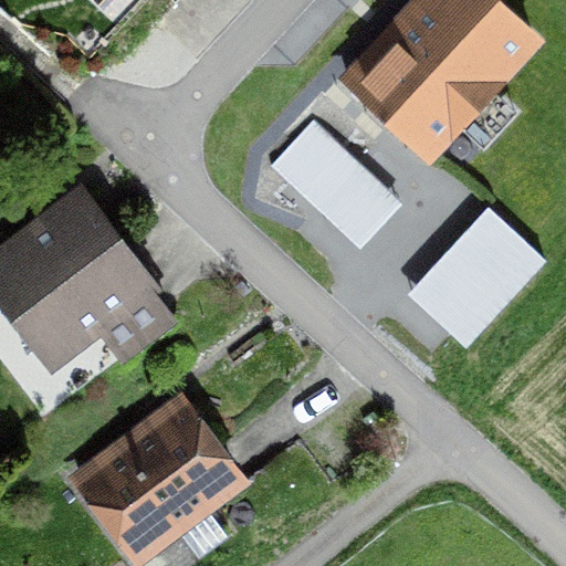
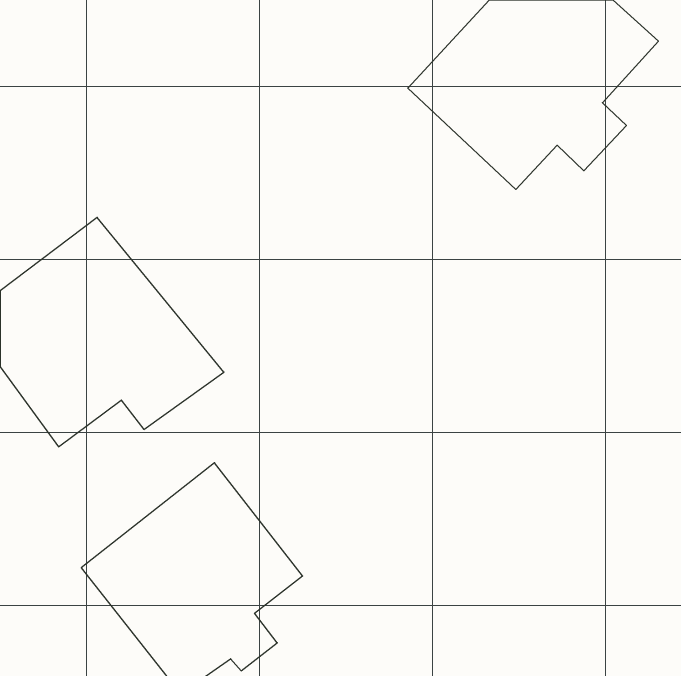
building: [272,123,401,249] -> none
building: [406,206,547,348] -> none

